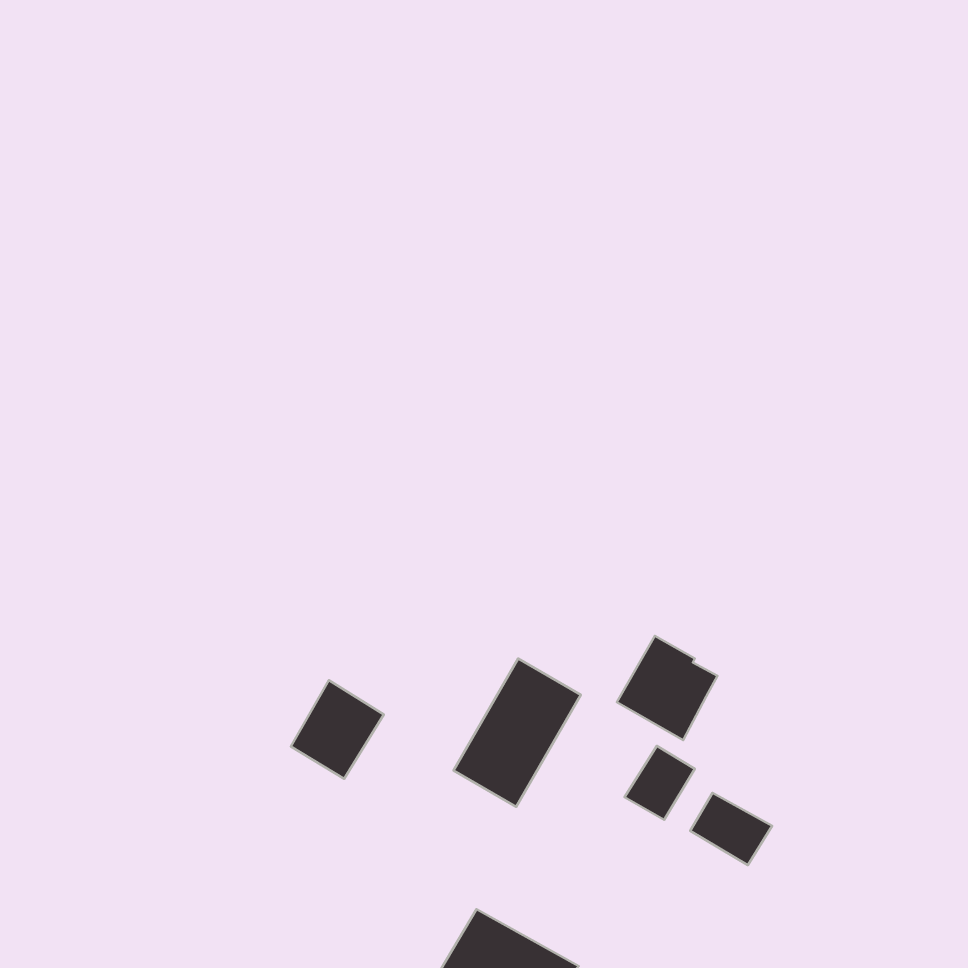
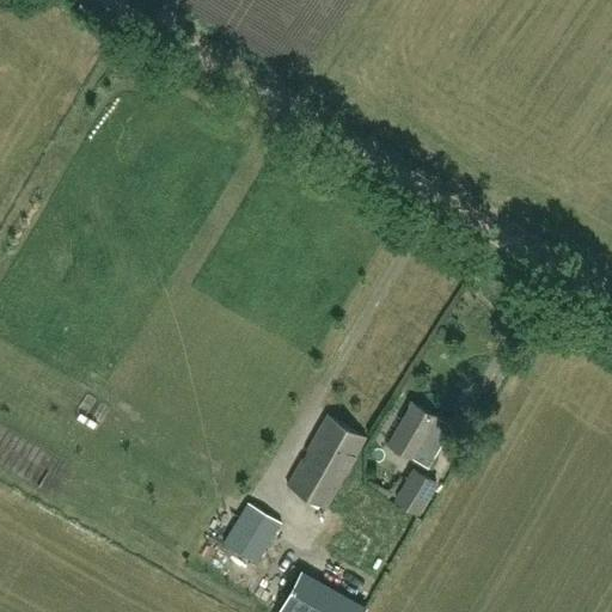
building: [291,680,384,779] -> [222,502,281,564]
building: [690,793,772,865] -> none

